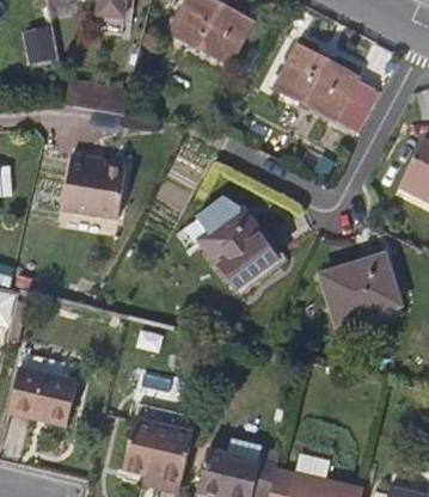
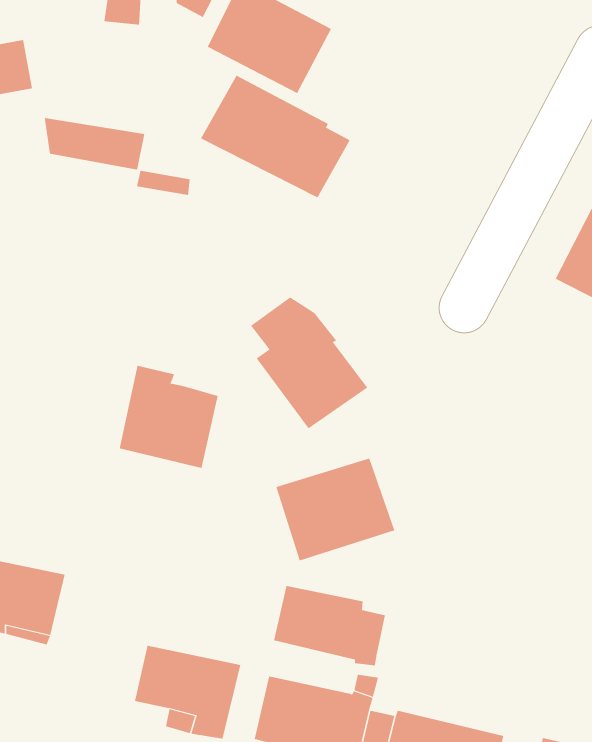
building: [275,45,374,127] -> [200,75,351,198]
building: [60,157,125,225] -> [119,365,218,468]
building: [321,254,400,323] -> [276,458,395,561]
building: none -> [273,585,386,666]

